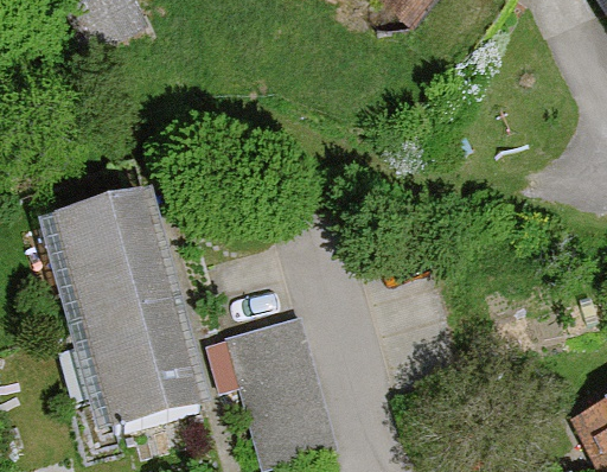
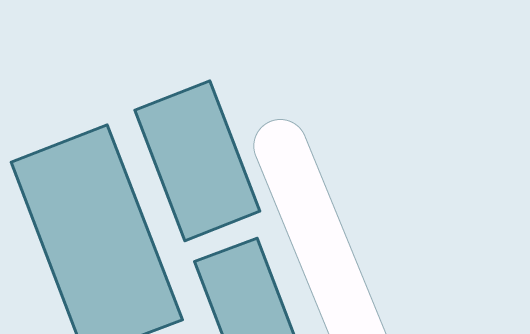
building: none -> [135,81,260,241]

